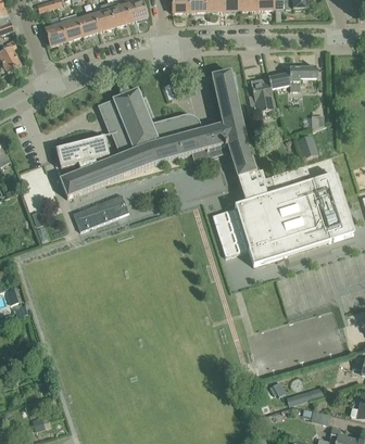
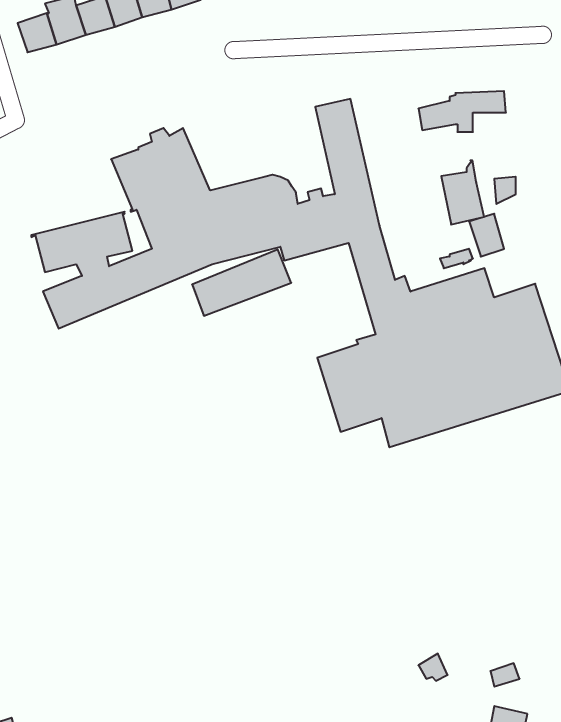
building: [251,76,275,112] -> [441,160,484,225]
building: [73,193,128,230] -> [192,250,291,316]

